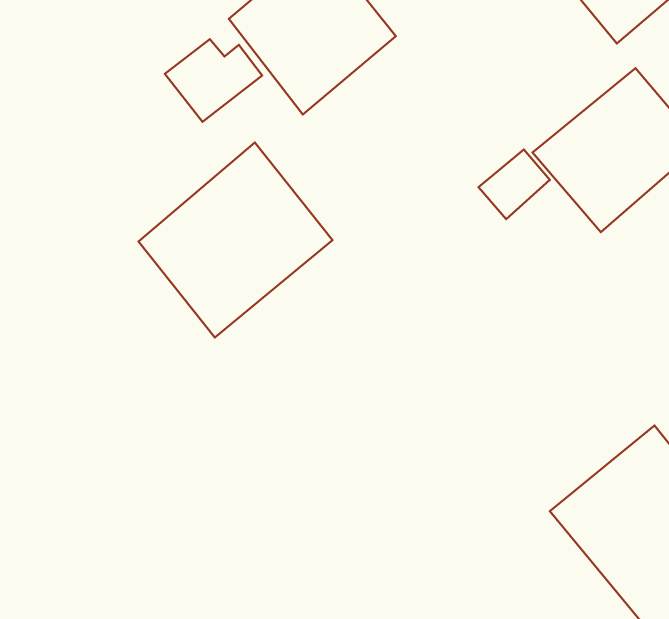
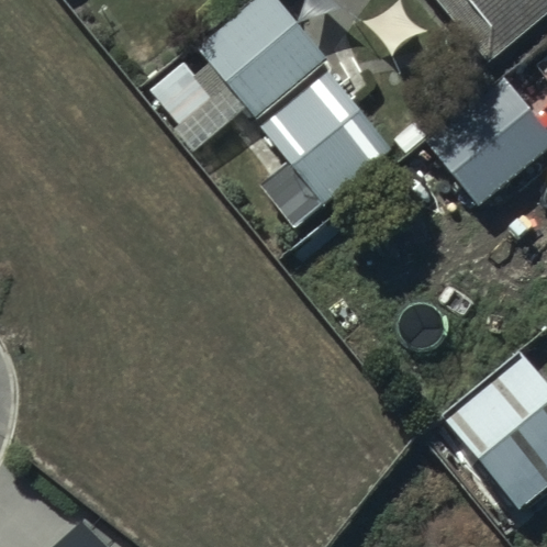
building: none -> [258,69,393,230]
building: [139,142,332,338] -> none

